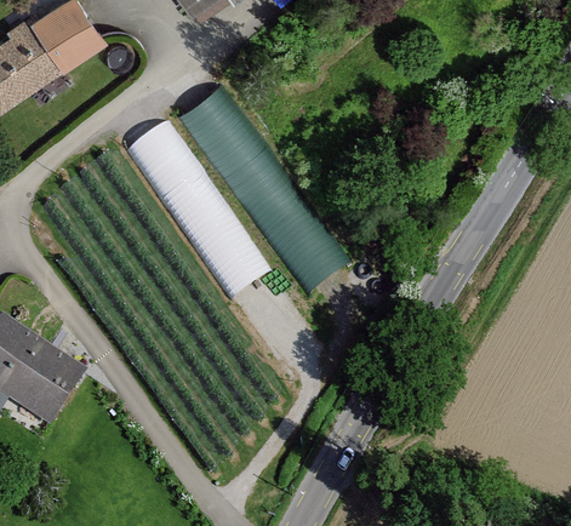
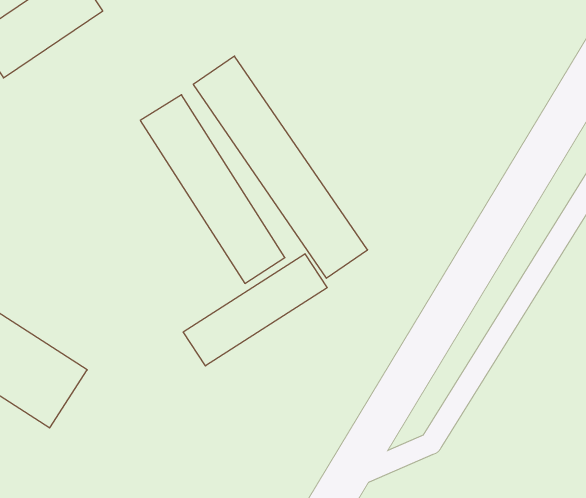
building: none -> [183,254,327,366]

